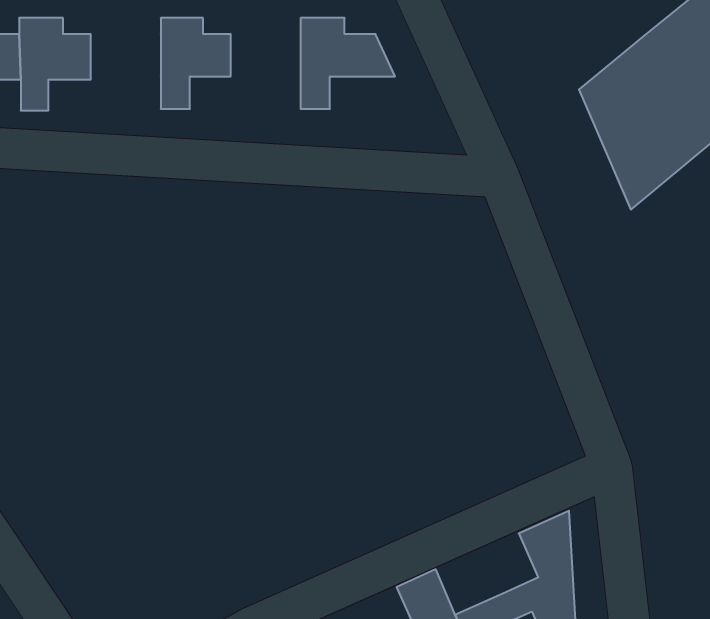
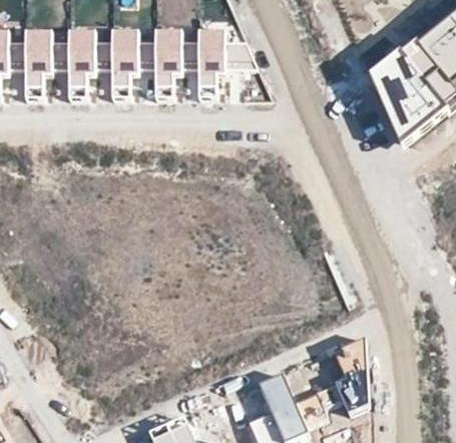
building: none -> [69,32,112,88]
building: none -> [155,32,198,88]

